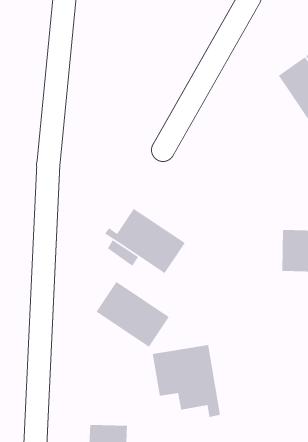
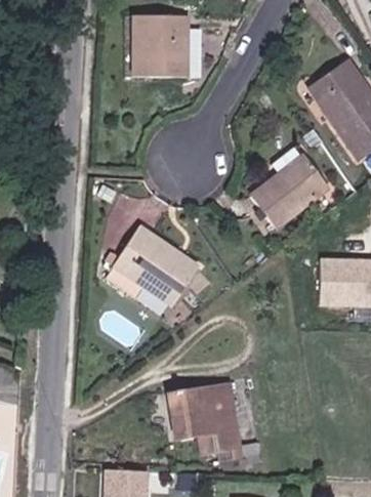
building: none -> [137,18,192,80]
building: none -> [249,158,327,237]
building: [95,281,170,348] -> none

